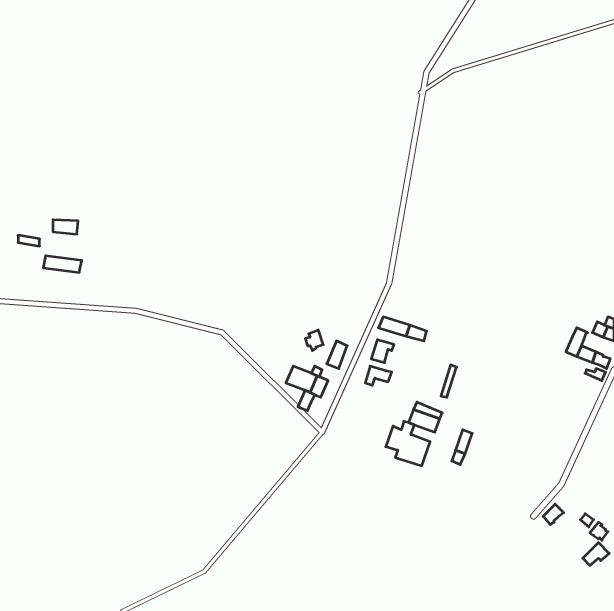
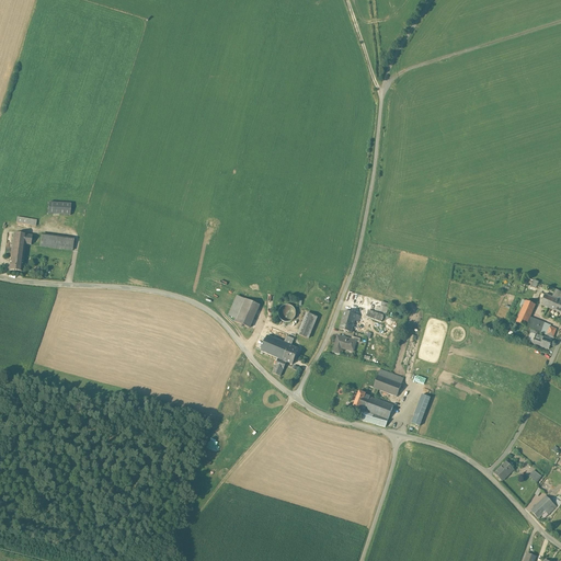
building: none -> [9,231,32,270]
building: none -> [234,296,260,325]

